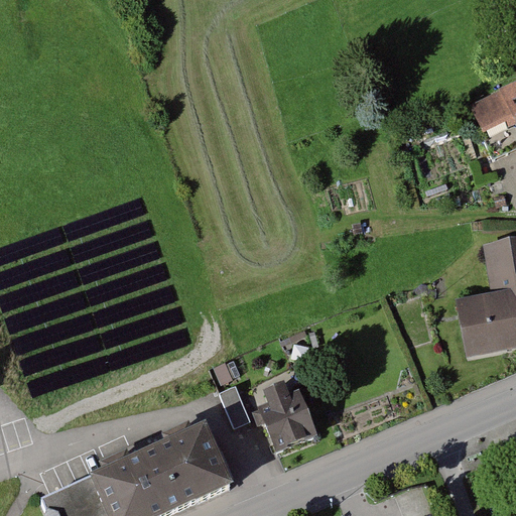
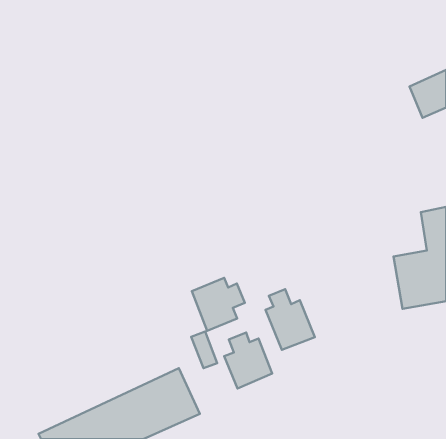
building: none -> [192,278,245,331]
building: none -> [266,289,315,350]

